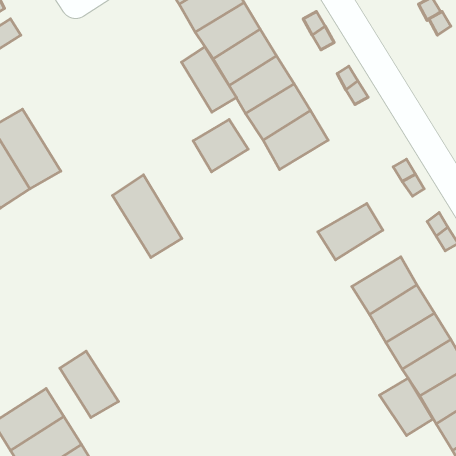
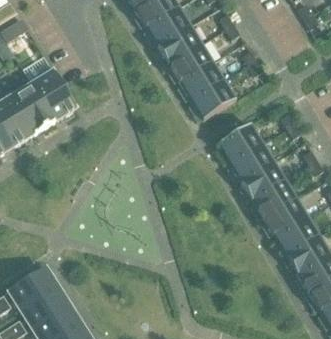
building: [181,47,236,112] -> none
building: [193,120,248,172] -> none
building: none -> [217,122,261,161]
building: [112,175,182,258] -> [28,64,75,120]
building: none -> [240,160,284,198]
building: [60,351,118,418] -> none
building: [380,378,433,435] -> none

